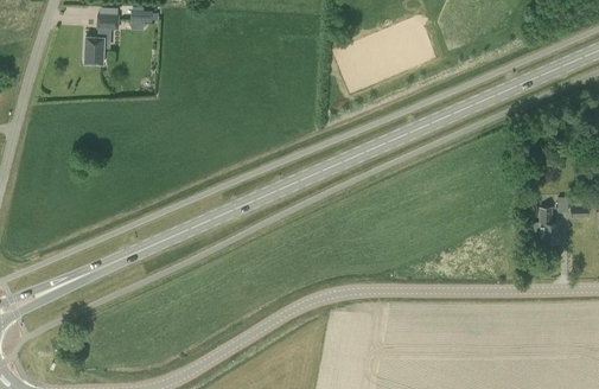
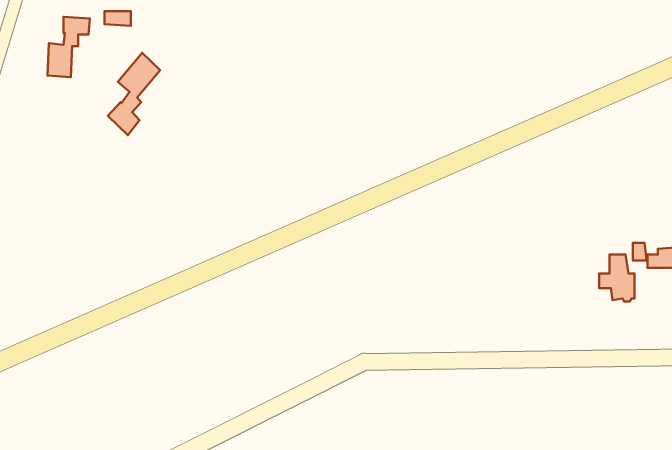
building: none -> [108,53,160,135]

